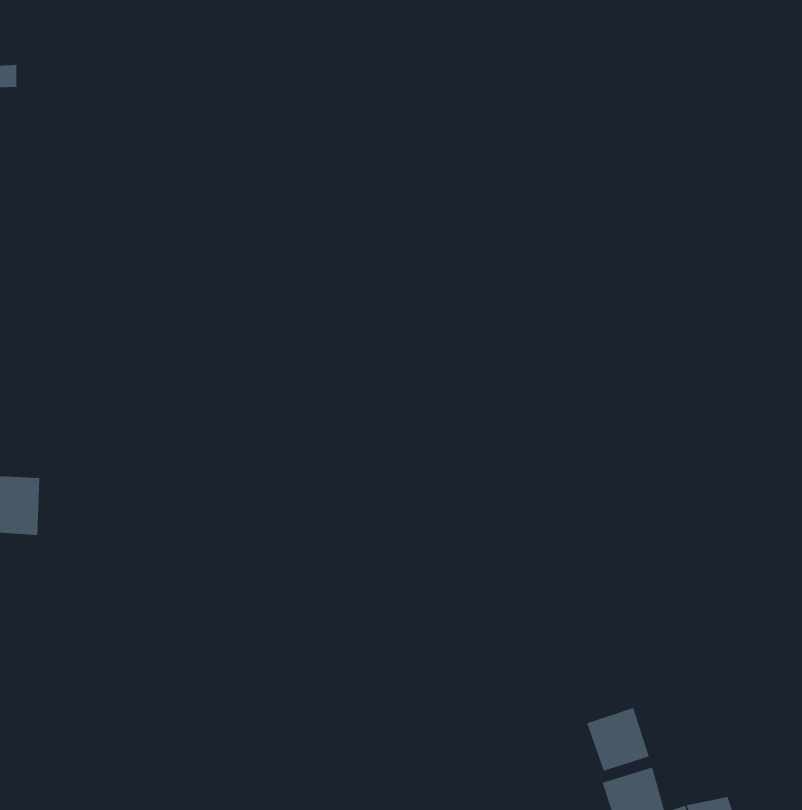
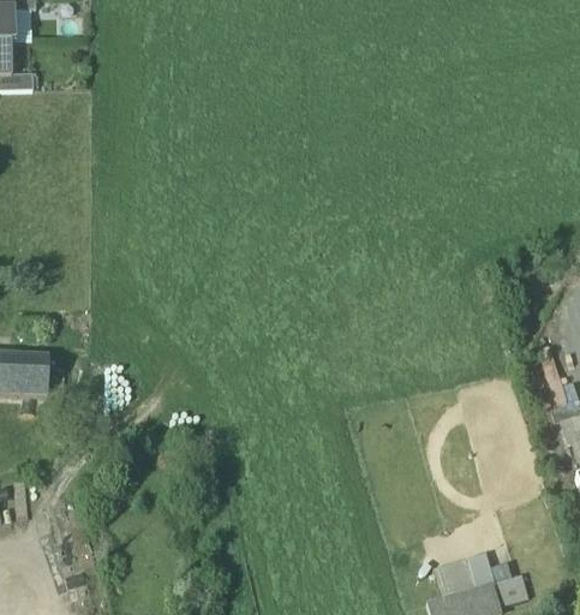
building: [586,707,649,771] -> none

